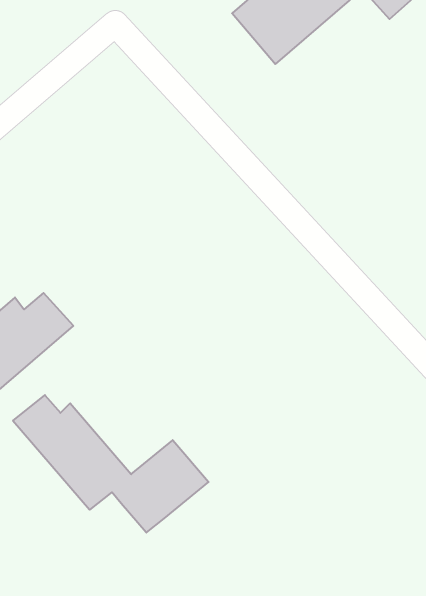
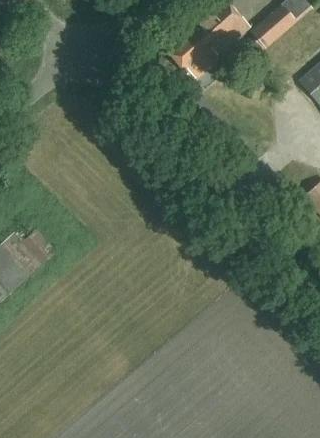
building: [13,395,209,533] -> none

